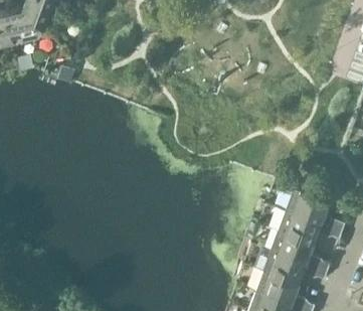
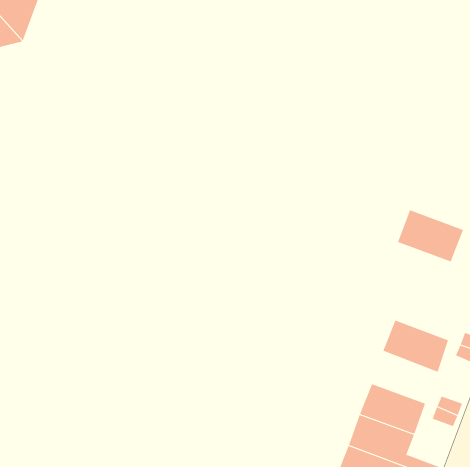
building: [287,189,330,223] -> [397,210,464,262]
building: [271,230,315,265] -> none

